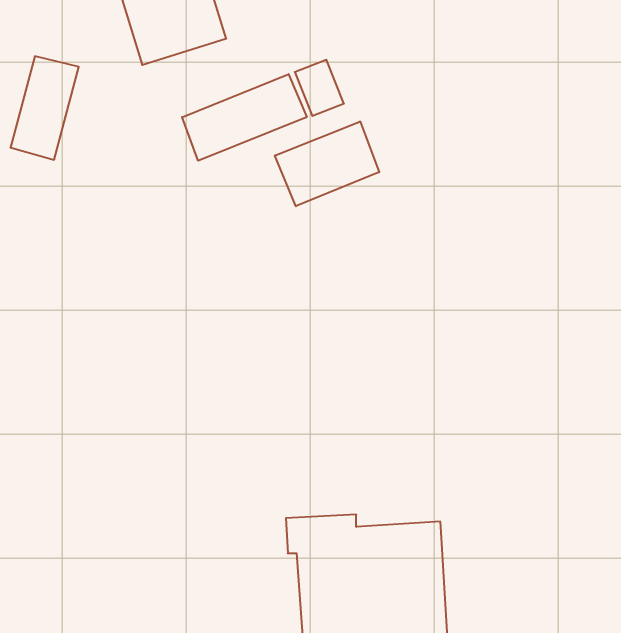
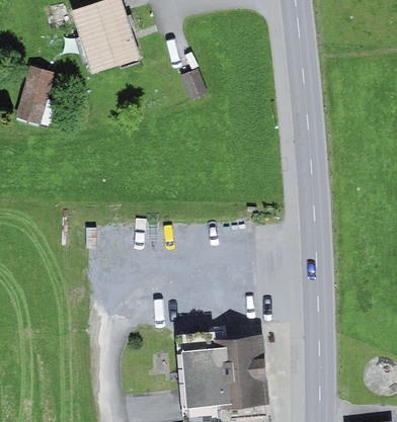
building: [182,74,307,161] -> none
building: [275,121,379,206] -> none

